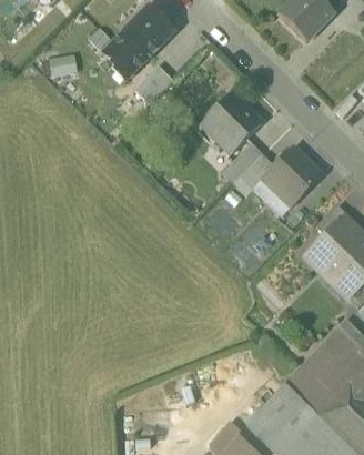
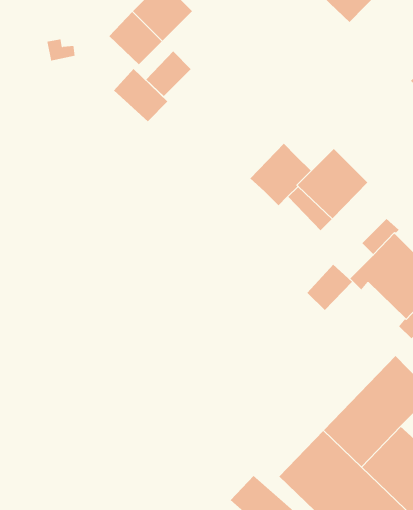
building: none -> [113,68,168,122]
building: [199,93,263,156] -> none
building: none -> [307,264,353,311]

